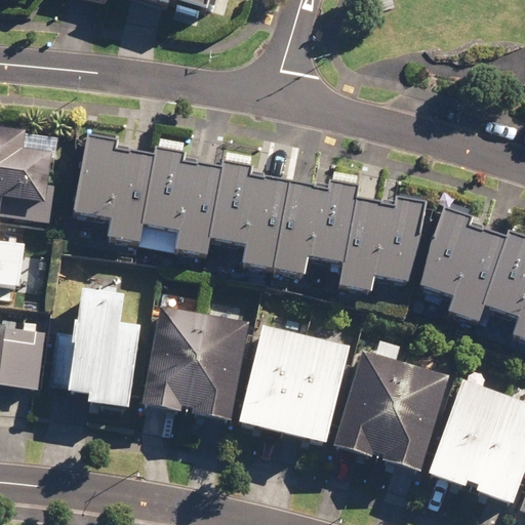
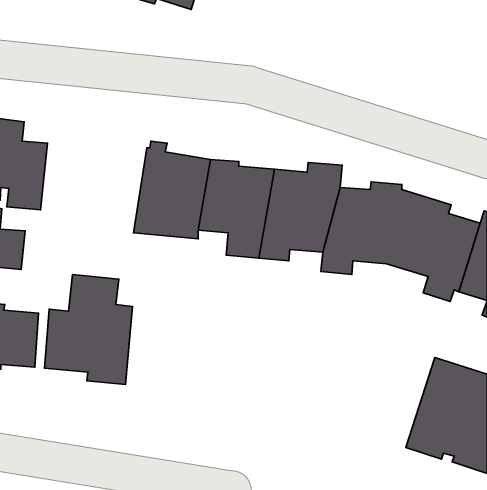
building: [82,136,156,247] -> none
building: [142,290,248,420] -> none
building: [241,326,350,443] -> none
building: [336,354,448,474] -> none

